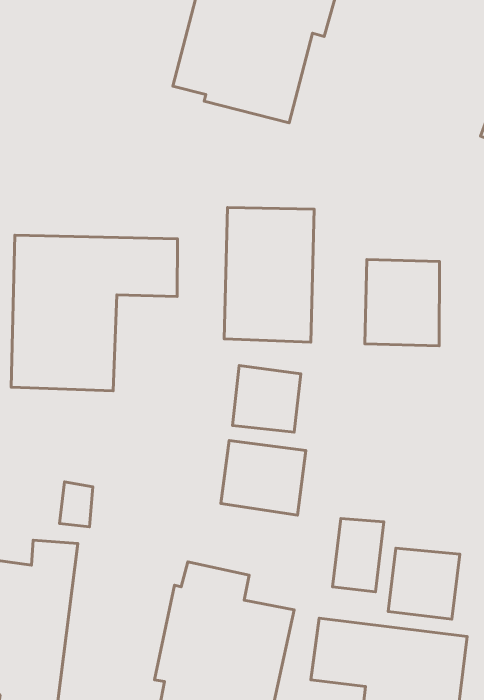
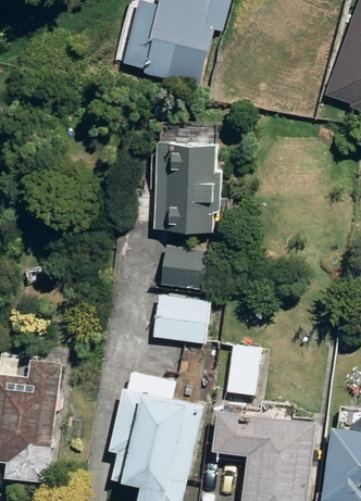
building: [11,235,178,391] -> none
building: [365,260,439,346] -> none
building: [388,548,460,619] -> none

